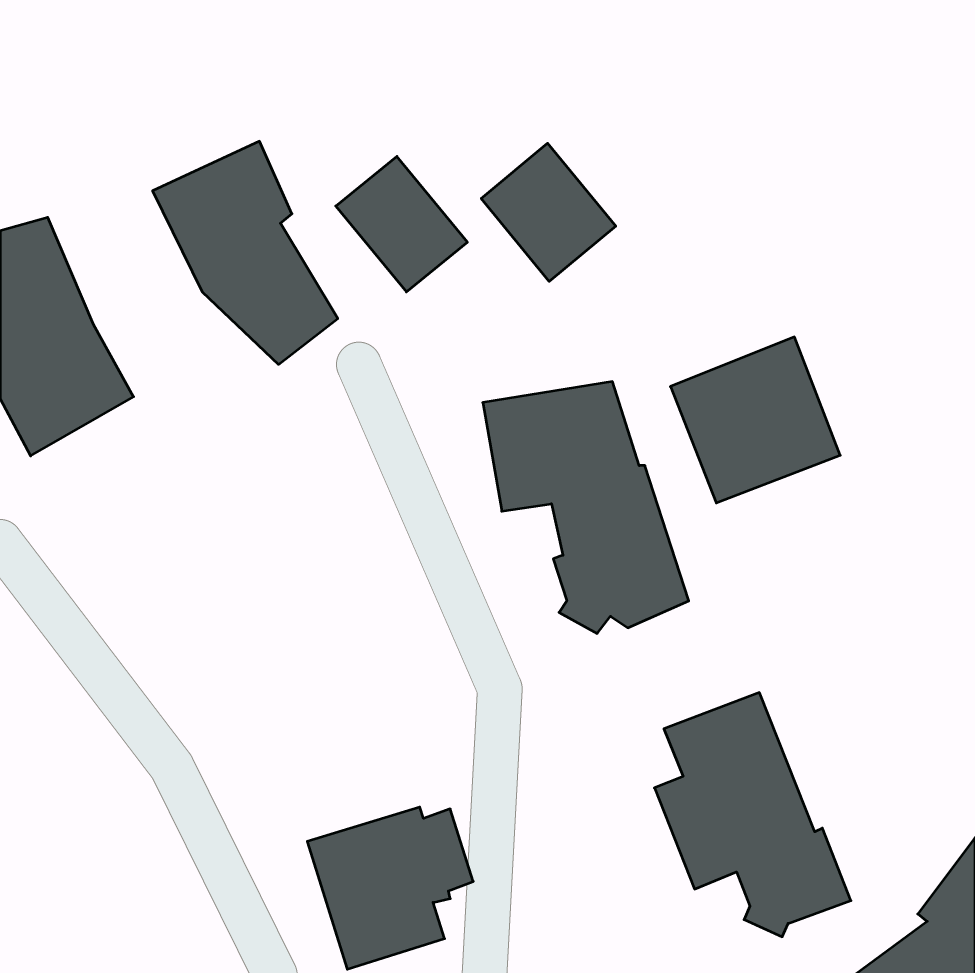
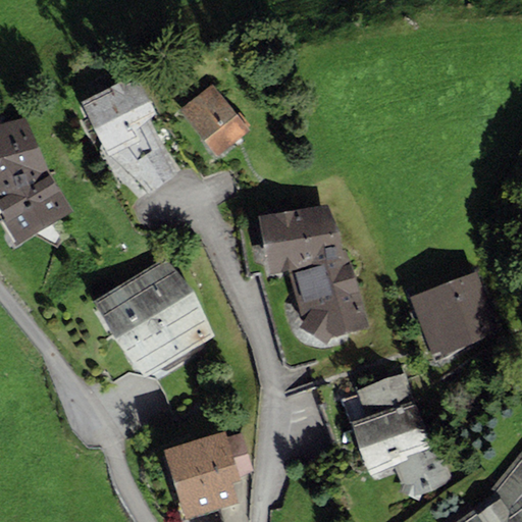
building: [481,143,616,281] -> none
building: [670,337,840,503] -> [411,270,502,359]
building: none -> [94,259,216,378]

